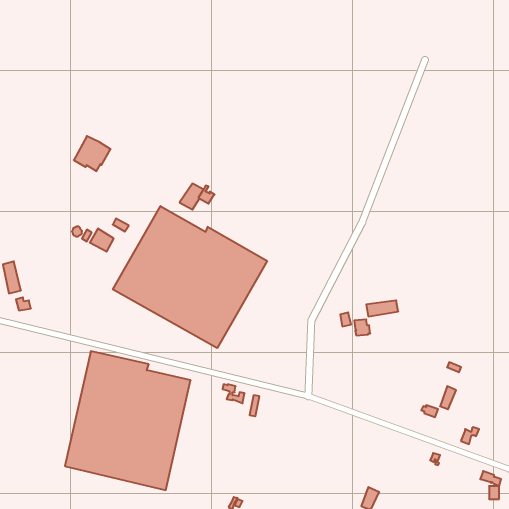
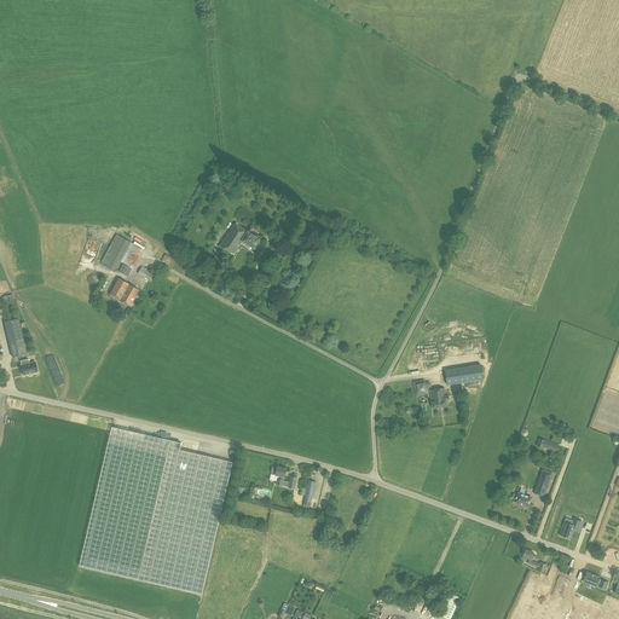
building: [74,136,111,171] -> [99,233,144,276]
building: [113,206,267,348] -> none

